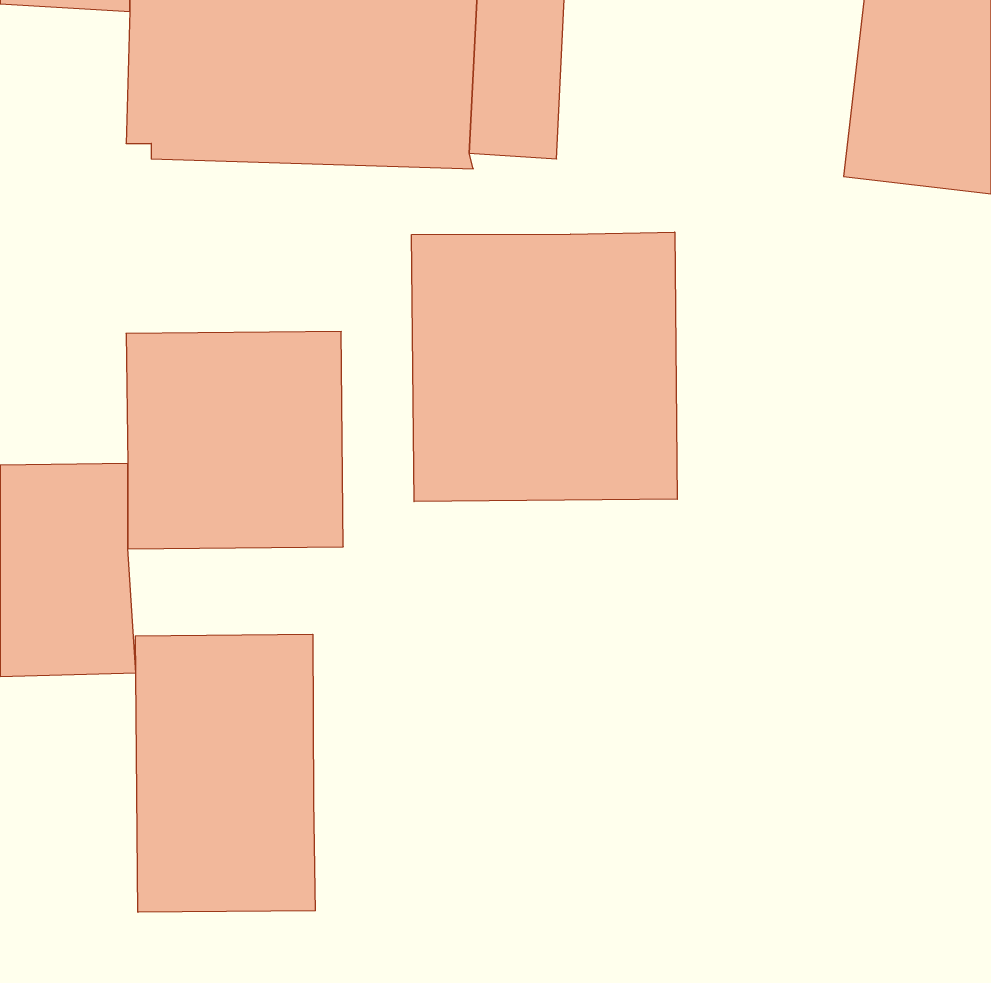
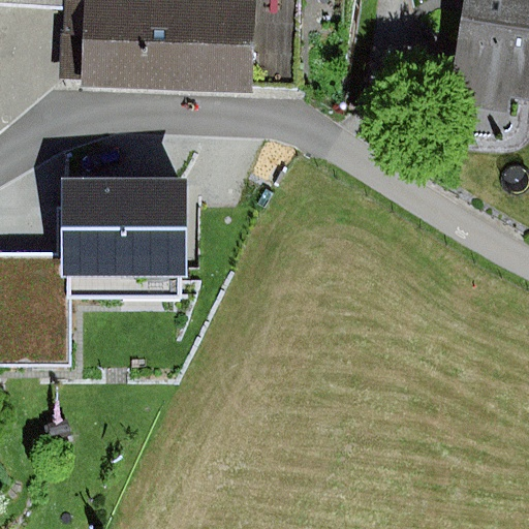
building: [412,232,677,502] -> none
building: [135,634,315,912] -> none

